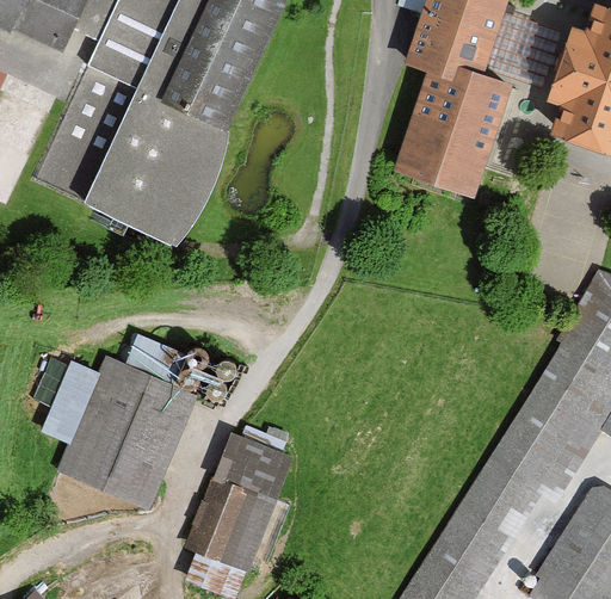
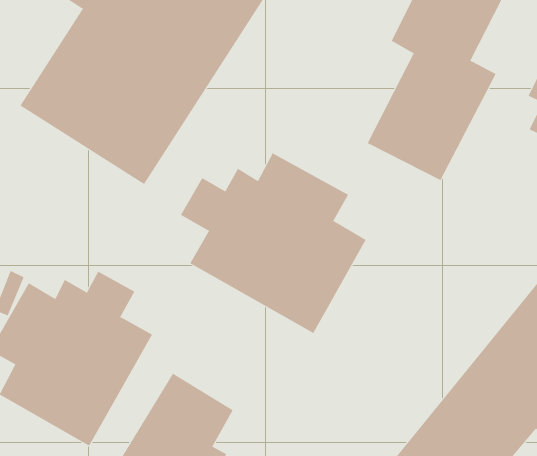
building: none -> [180,152,366,334]

